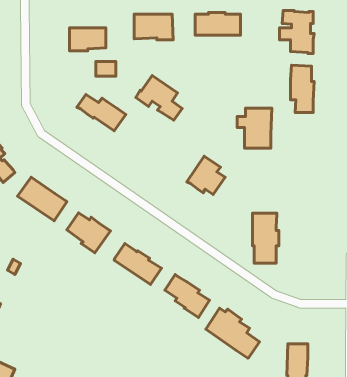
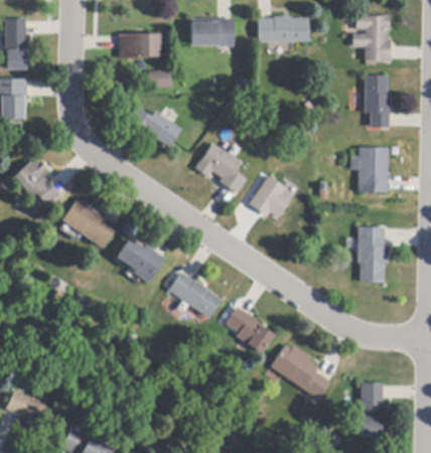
building: [136,76,182,120] -> [195,143,247,192]
building: [237,108,272,148] -> [350,147,389,191]
building: [252,213,279,263] -> [358,226,388,282]

